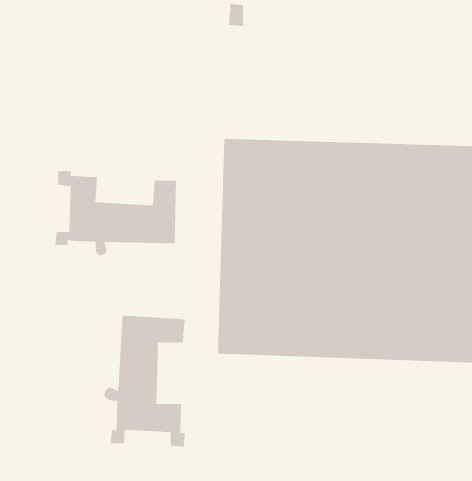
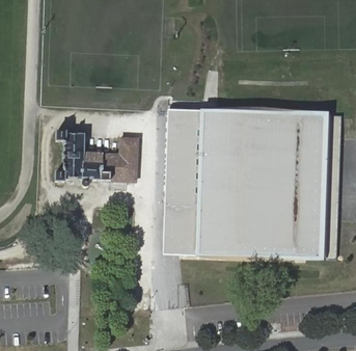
building: [103,315,185,447] -> none

